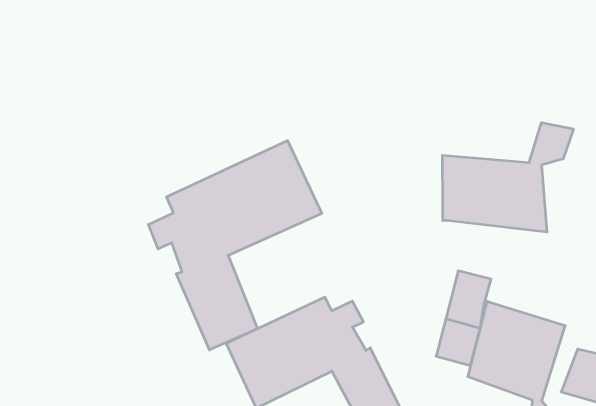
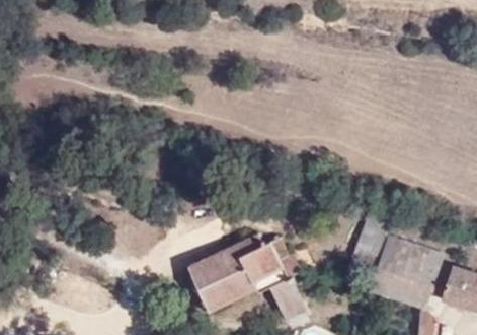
building: [442,123,573,232] -> none
building: [148,141,322,350] -> none

